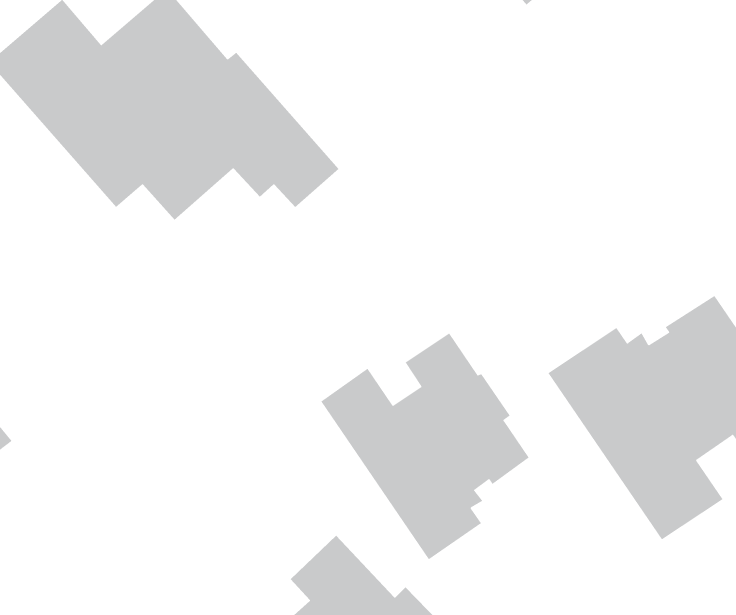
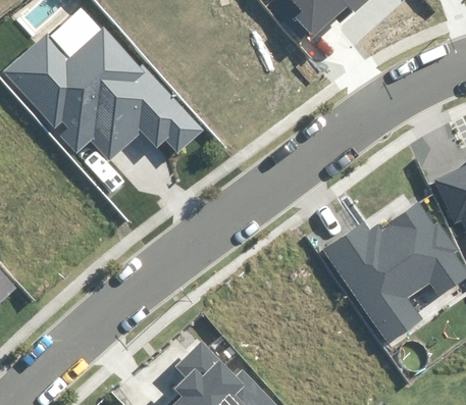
building: [320,332,530,560] -> none

